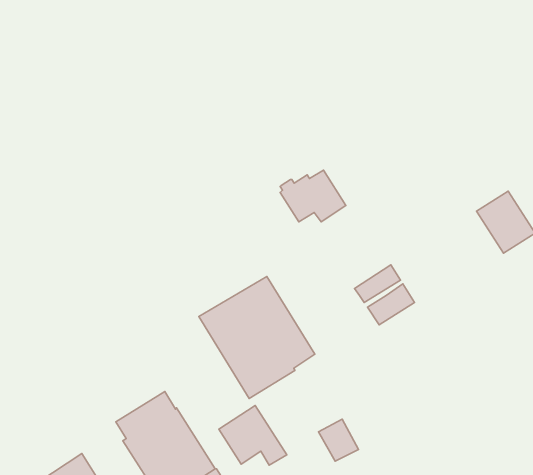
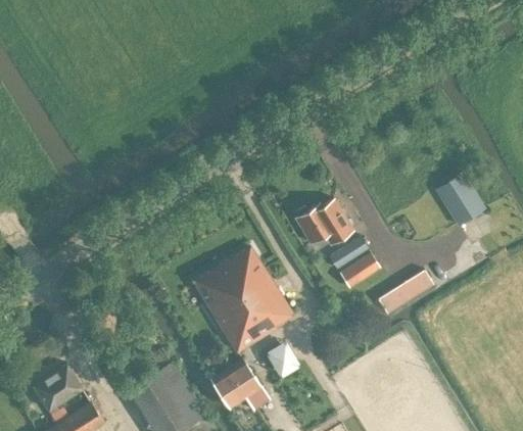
building: [280,170,346,222] -> [295,199,352,244]
building: none -> [379,270,434,314]
building: none -> [34,365,83,412]
building: [319,419,358,461] -> [268,339,302,376]

